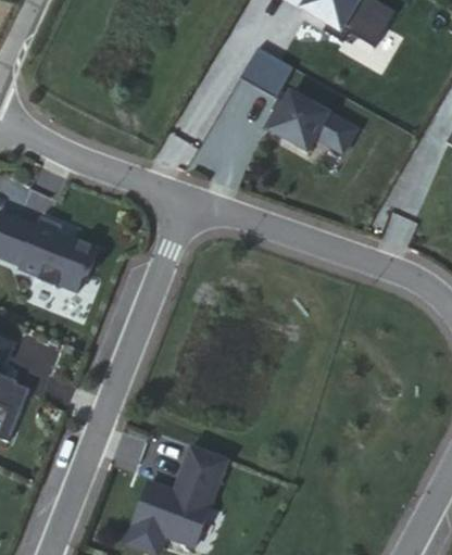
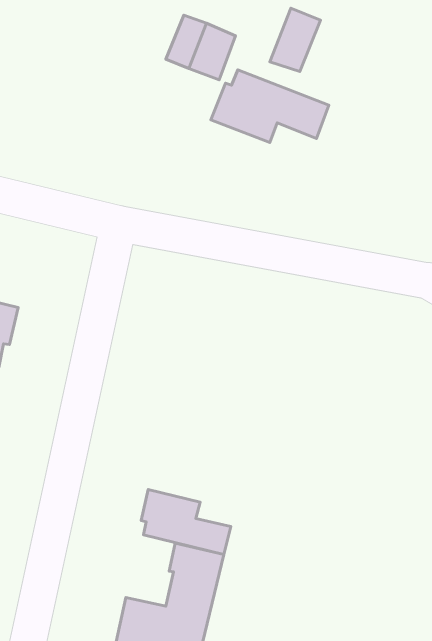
building: none -> [270,8,320,72]
building: none -> [141,489,231,554]

